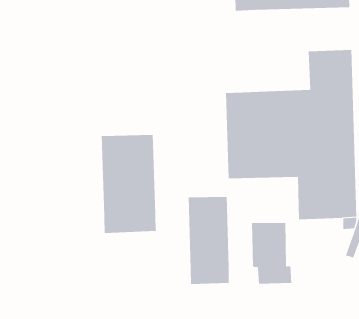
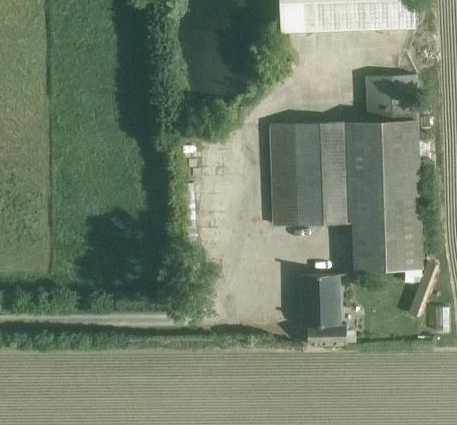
building: [101,134,156,234] -> none
building: [188,196,229,285] -> none

